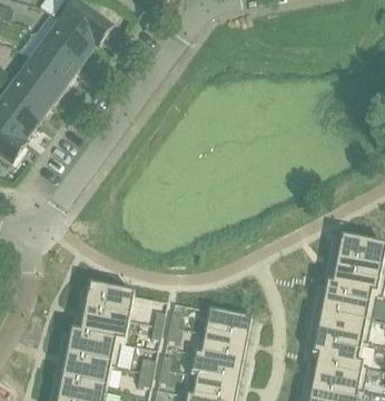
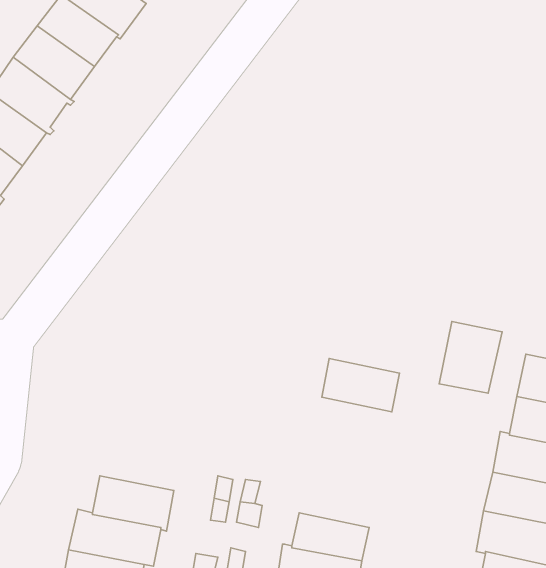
building: none -> [439,321,502,393]
building: [85,284,135,317] -> none
building: [205,307,251,340] -> [322,358,399,412]

